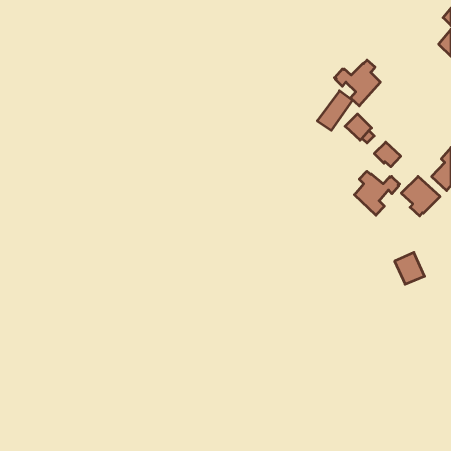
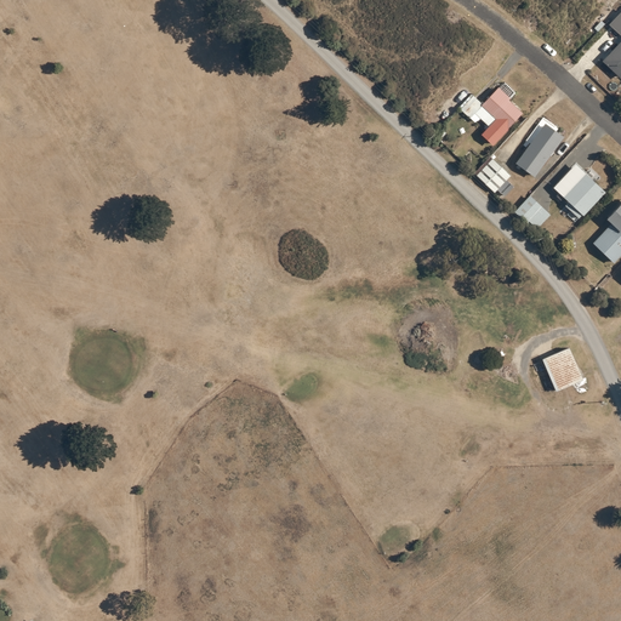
building: [317,91,353,130] -> [515,123,564,177]
building: [354,171,400,215] -> none
building: [401,176,440,216] -> [553,164,606,218]

